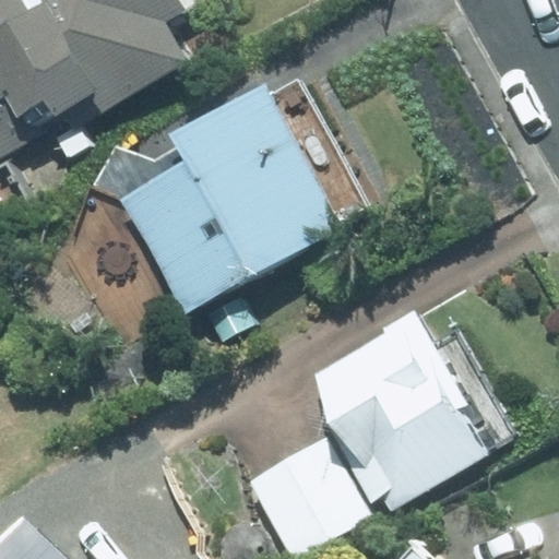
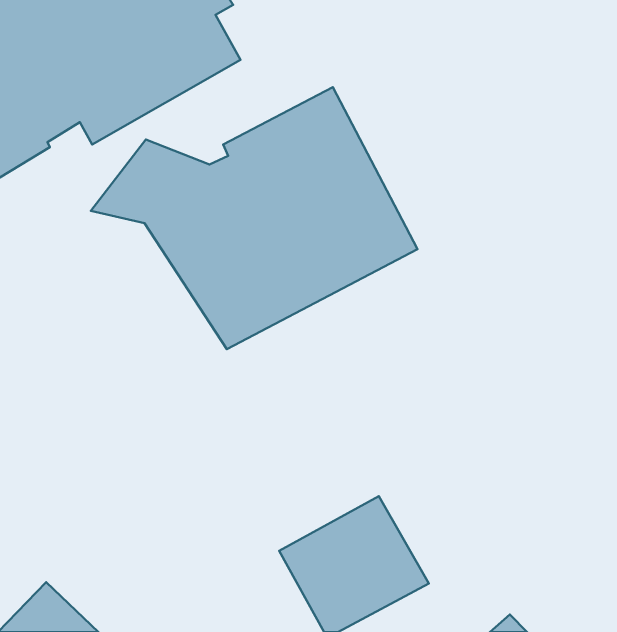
building: [332,313,498,503] -> none

